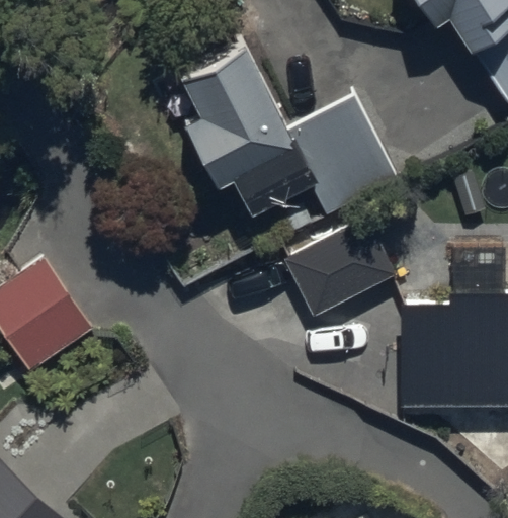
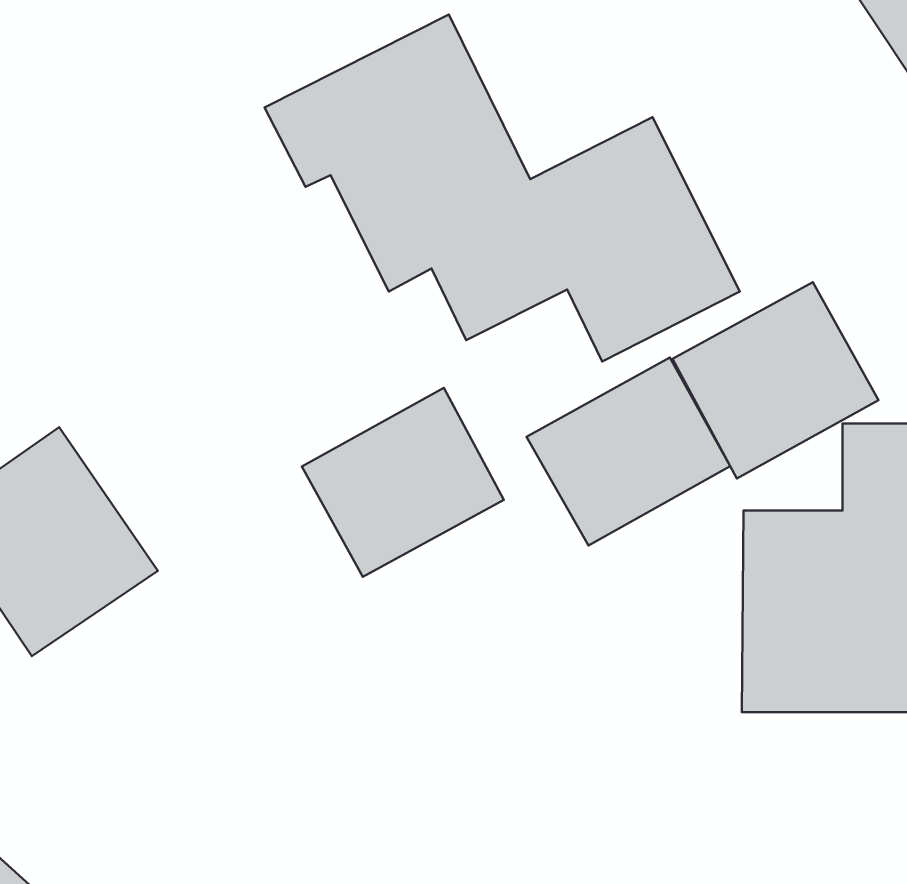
building: none -> [672,282,878,479]
building: none -> [302,388,504,577]

